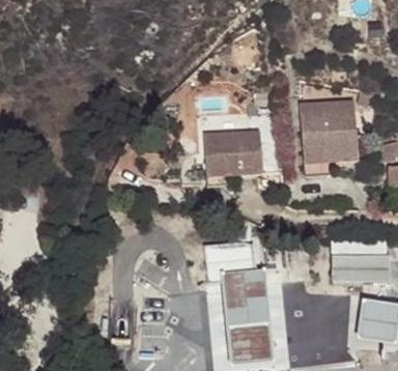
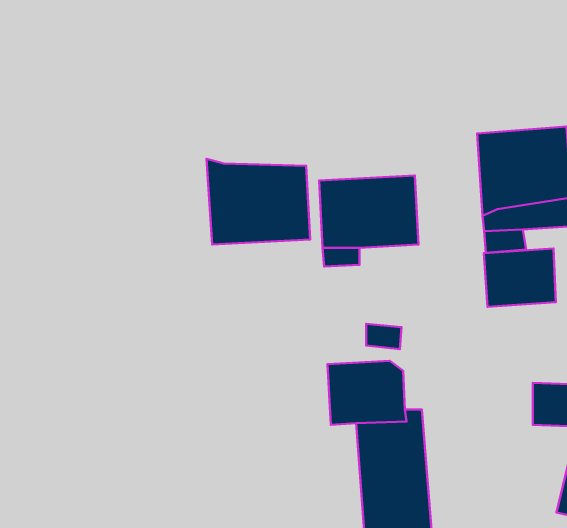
building: none -> [206,159,310,245]
building: none -> [484,248,556,307]

